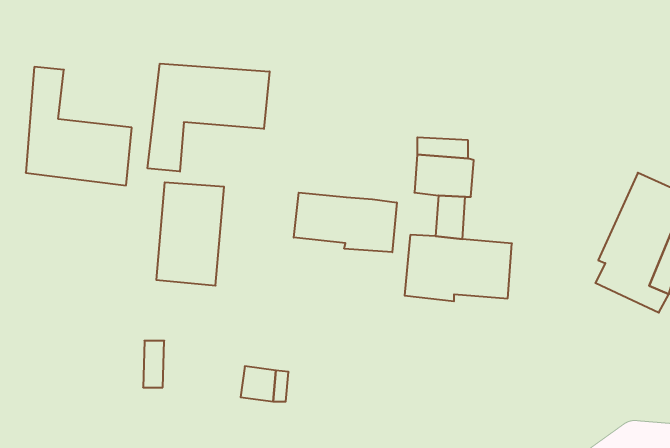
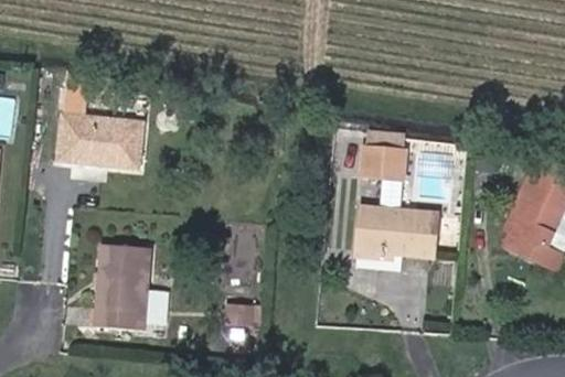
building: [148,64,270,172] -> none
building: [156,182,224,286] -> [96,247,149,327]
building: [294,193,397,252] -> none

